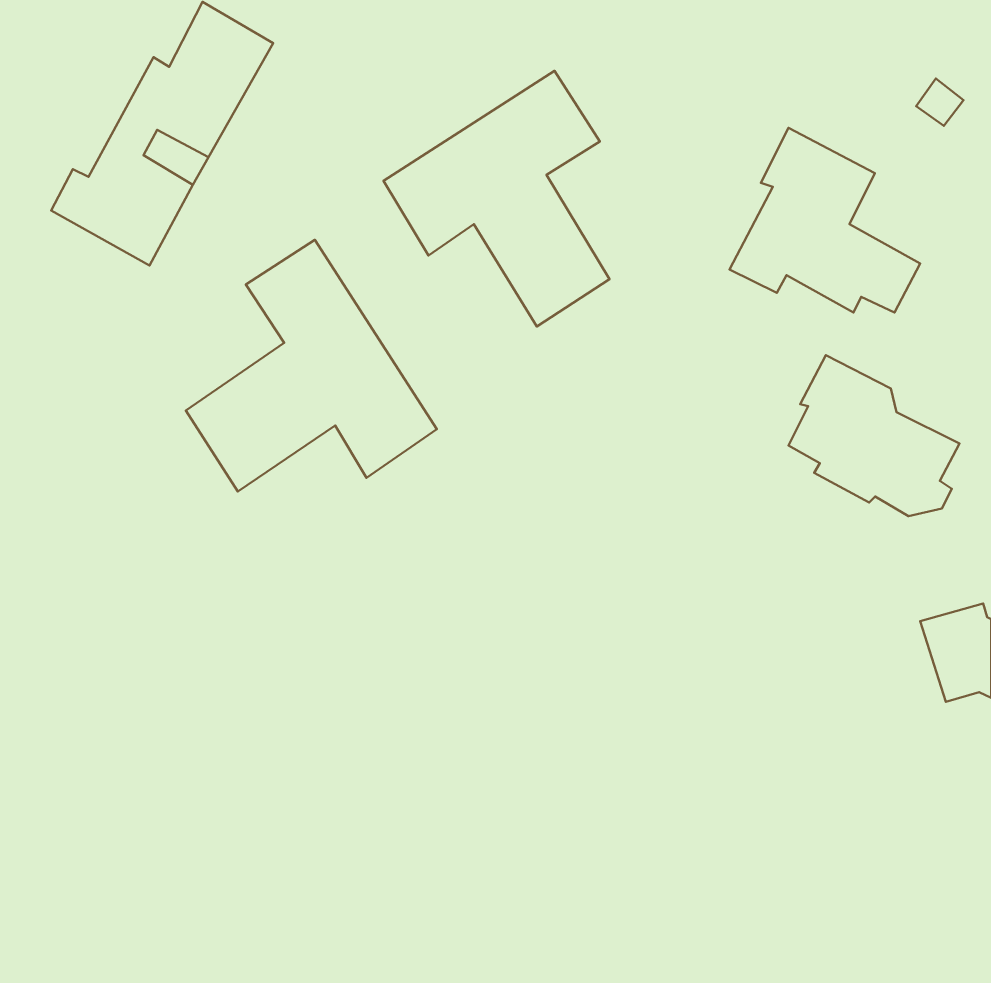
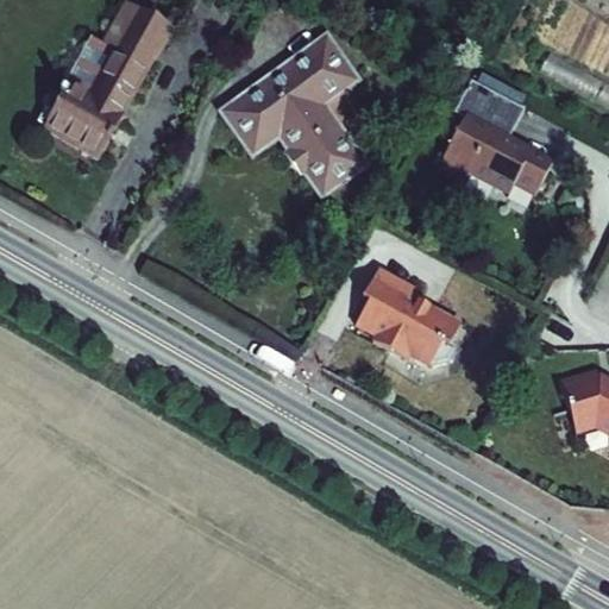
building: [186,240,437,491] -> none
building: [788,355,960,516] -> [352,265,456,363]

